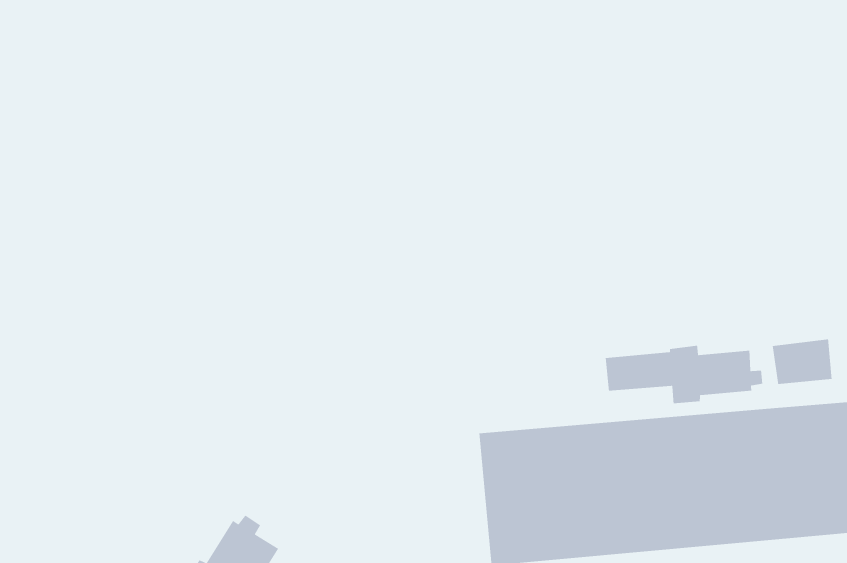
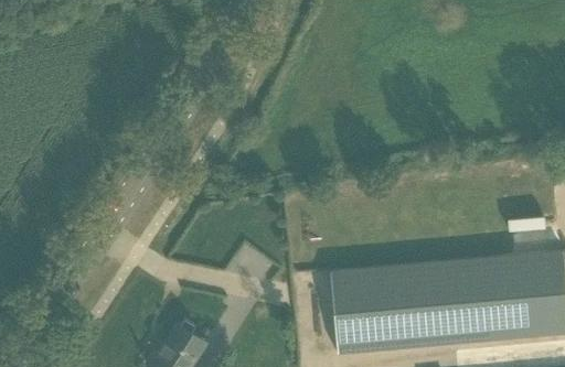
building: [605,345,763,404] -> none

